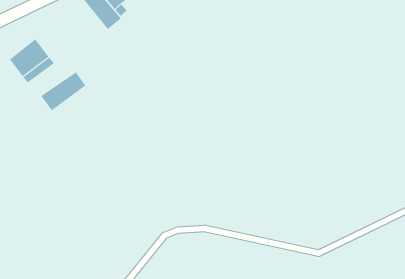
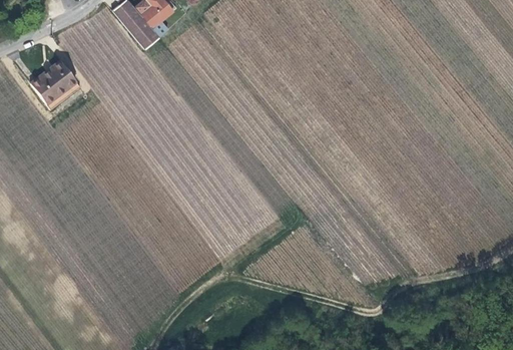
building: [41,72,86,111] -> none

